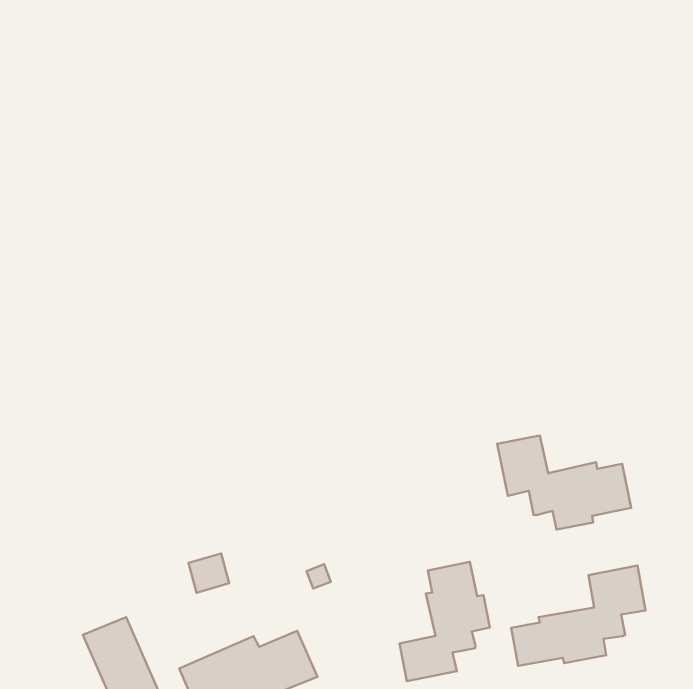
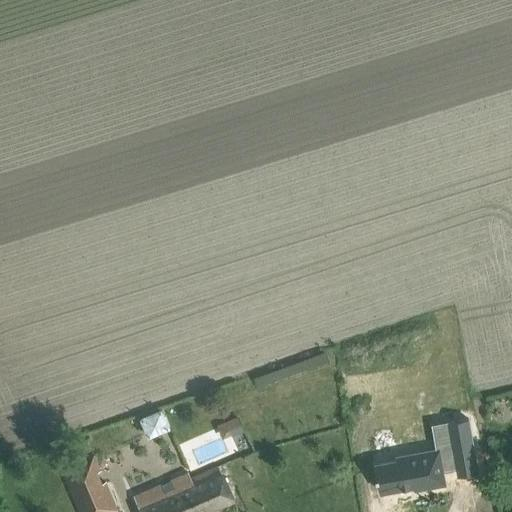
building: [497,436,631,530] -> none
building: [400,562,490,681] -> none

